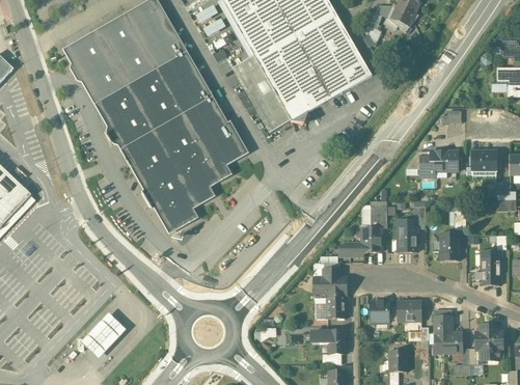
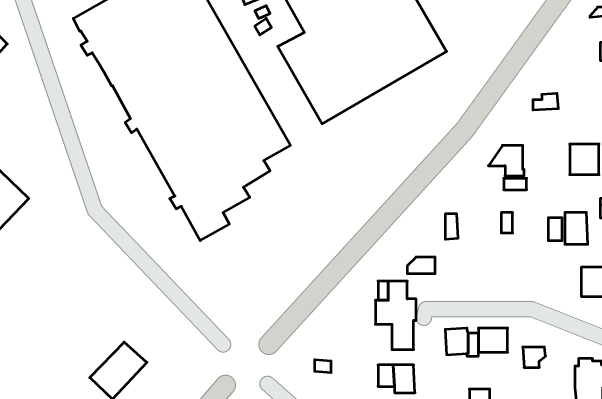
building: [433,150,457,171] -> none
building: [361,227,380,252] -> none
building: [396,227,416,251] -> none
building: [440,233,459,259] -> [565,212,588,244]
building: [434,332,461,354] -> none

